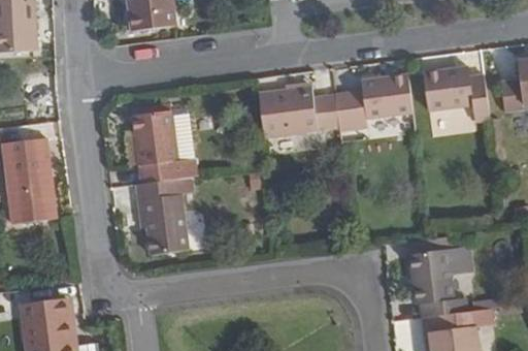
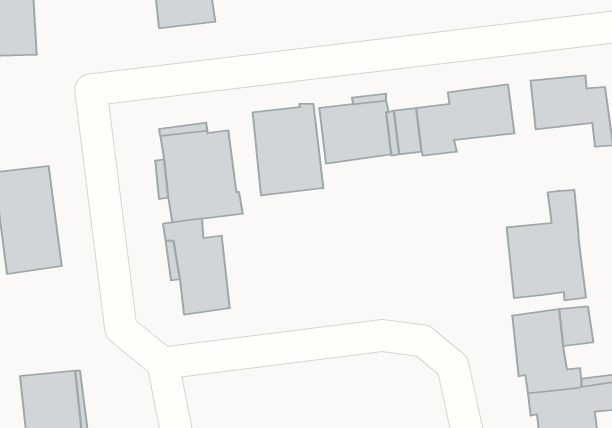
building: none -> [253,104,323,196]
building: none -> [507,190,586,300]

